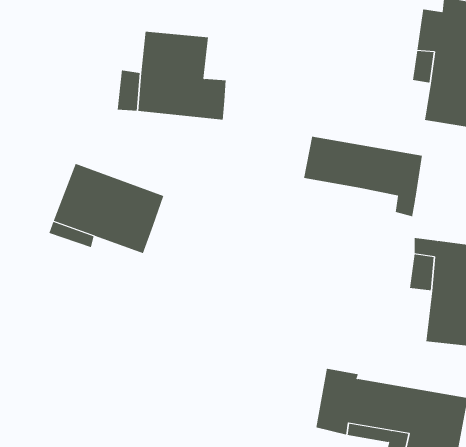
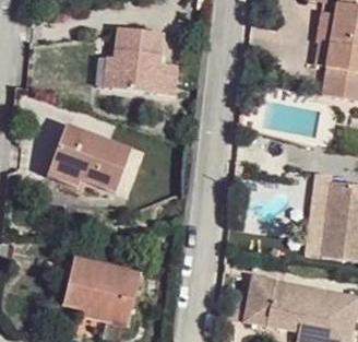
building: [304,136,422,217] -> none
building: none -> [63,257,141,326]

